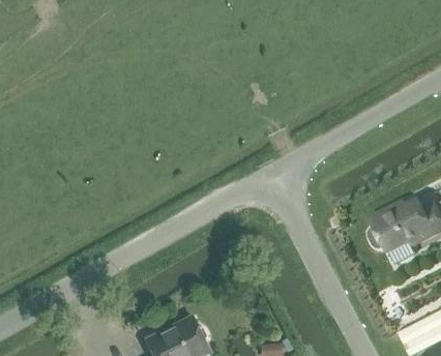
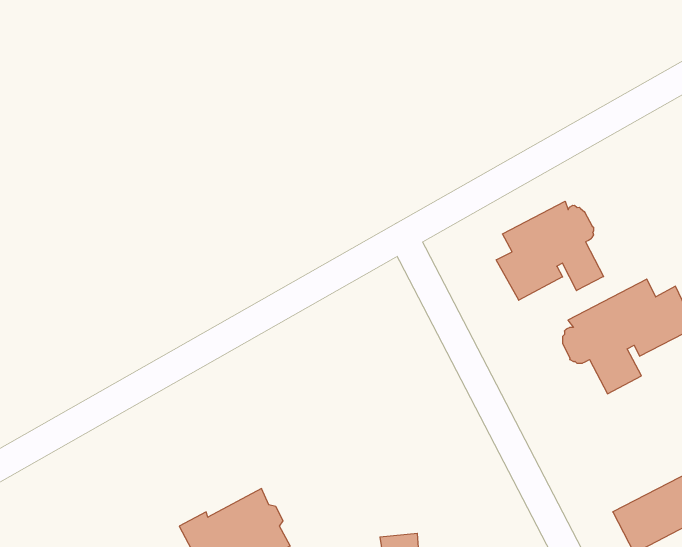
building: none -> [496,201,604,300]

